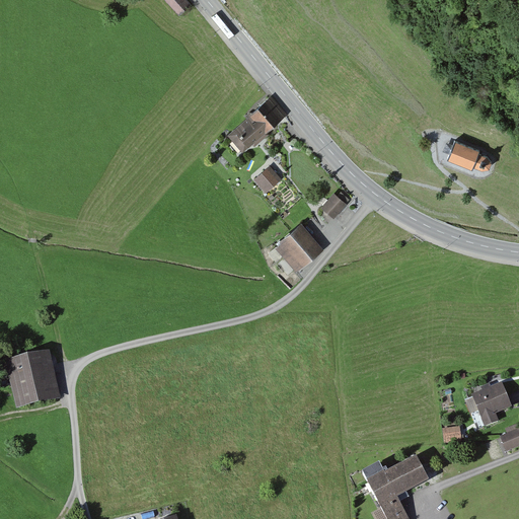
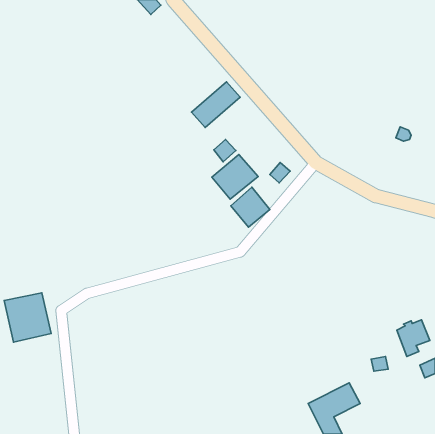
building: [446,139,477,167] -> none
building: none -> [212,155,258,199]

